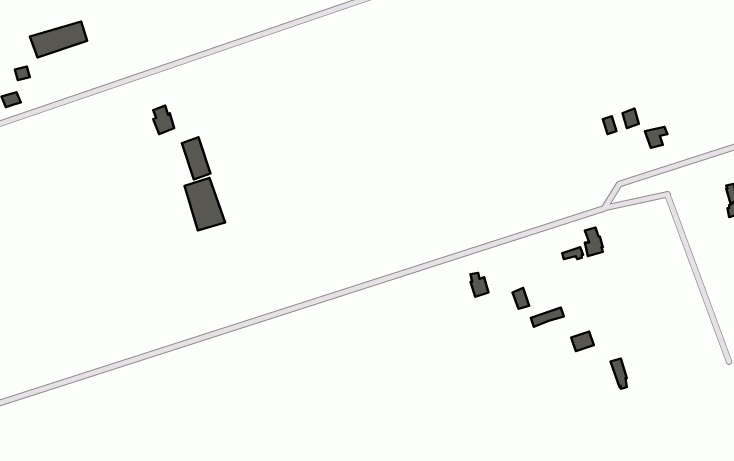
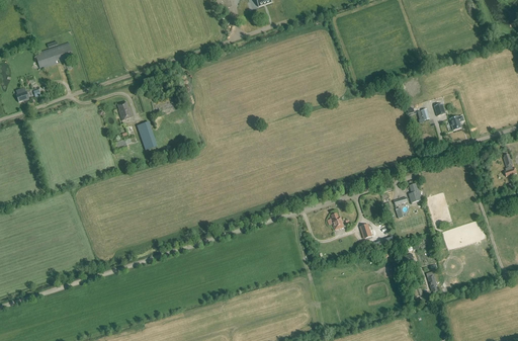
building: [185,178,225,231] -> none

